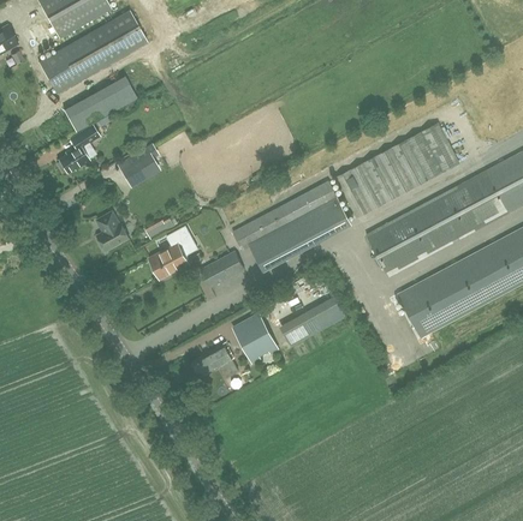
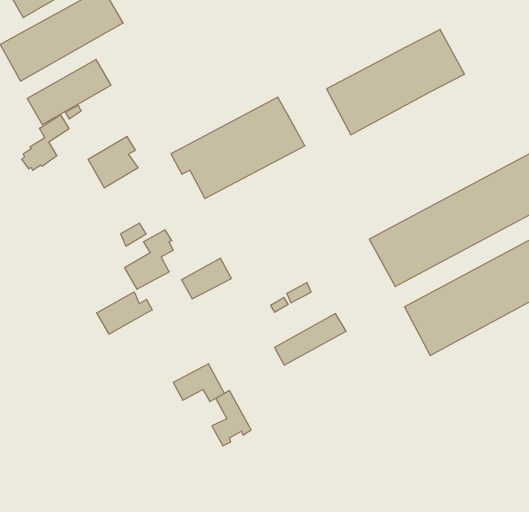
building: [334,124,457,217] -> [327,29,465,135]
building: [232,181,351,271] -> [171,97,305,199]
building: [96,211,127,251] -> none
building: none -> [97,292,152,334]
building: [242,313,277,363] -> [212,391,251,446]

